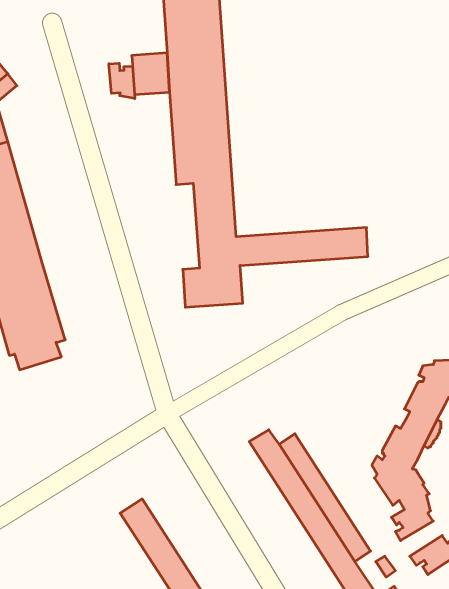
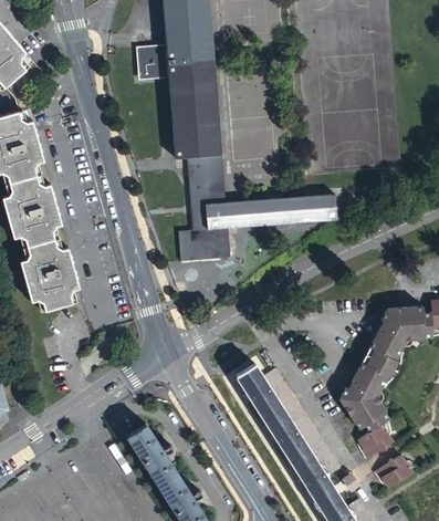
building: [109,63,135,99] -> none

